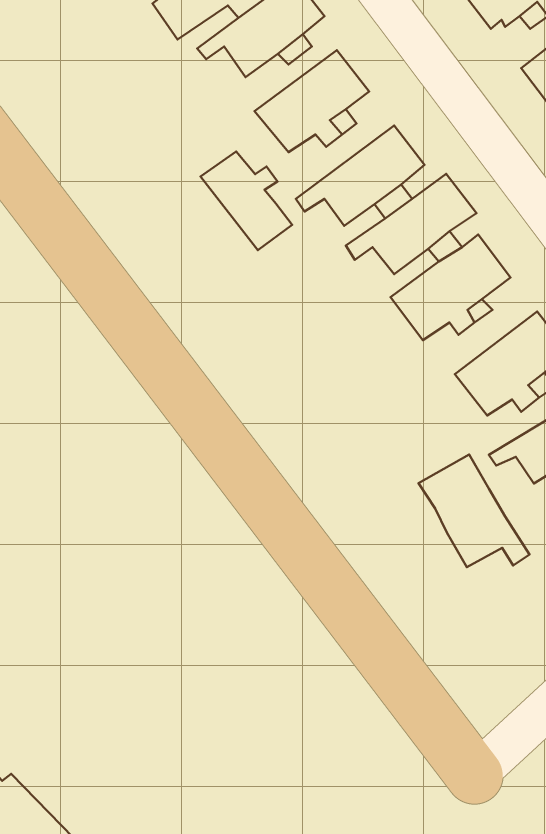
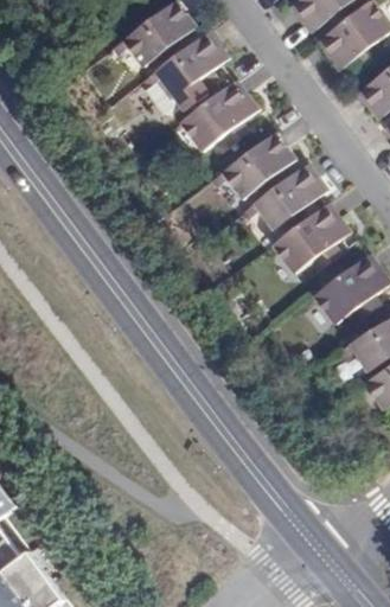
building: [200,152,292,250] -> none
building: [418,454,530,567] -> none

